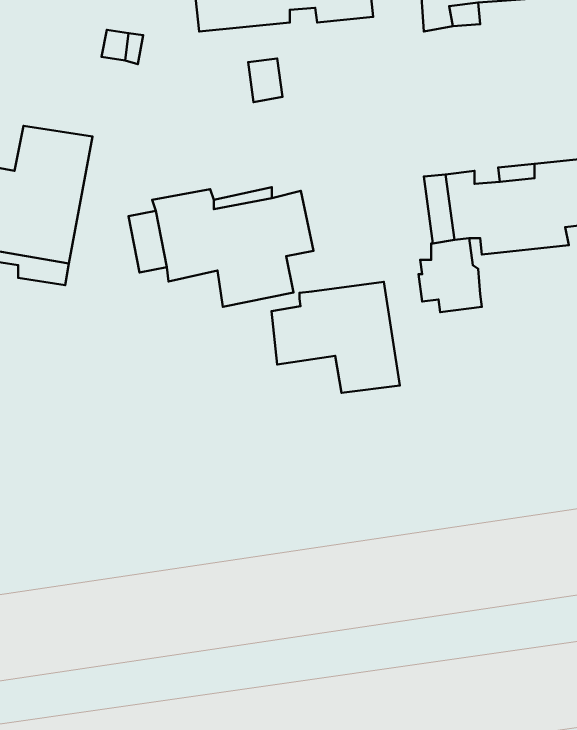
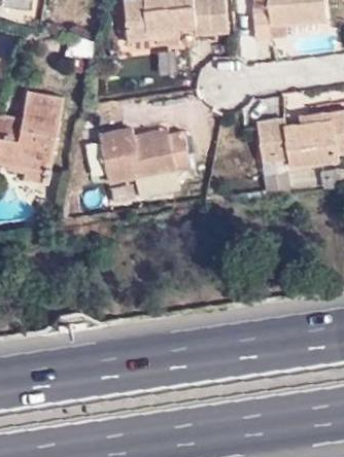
building: [272,282,400,393] -> none

